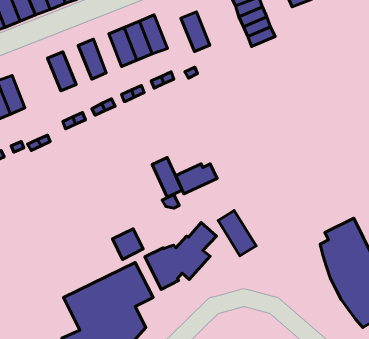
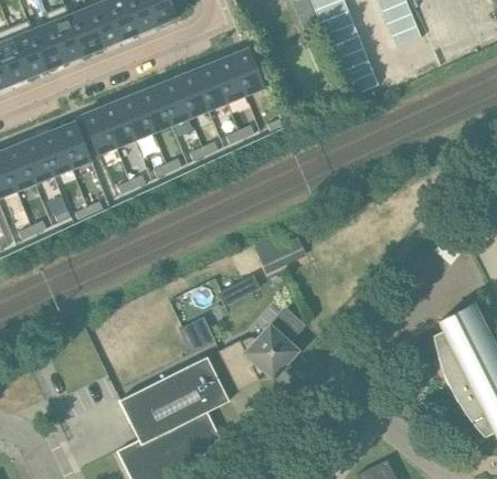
building: [181,12,210,51] -> [230,47,265,96]
building: none -> [156,78,190,126]
building: none -> [118,93,154,140]
building: none -> [81,108,116,156]
building: none -> [56,121,92,169]
building: [152,157,182,197] -> none
building: [218,211,256,256] -> none

